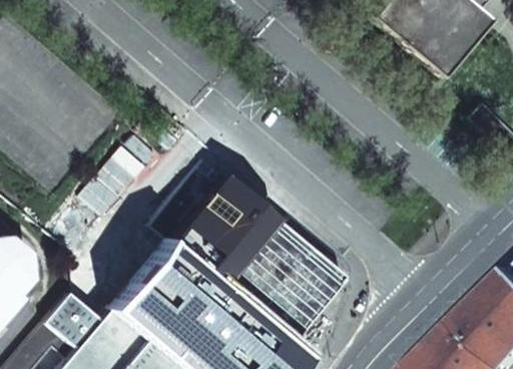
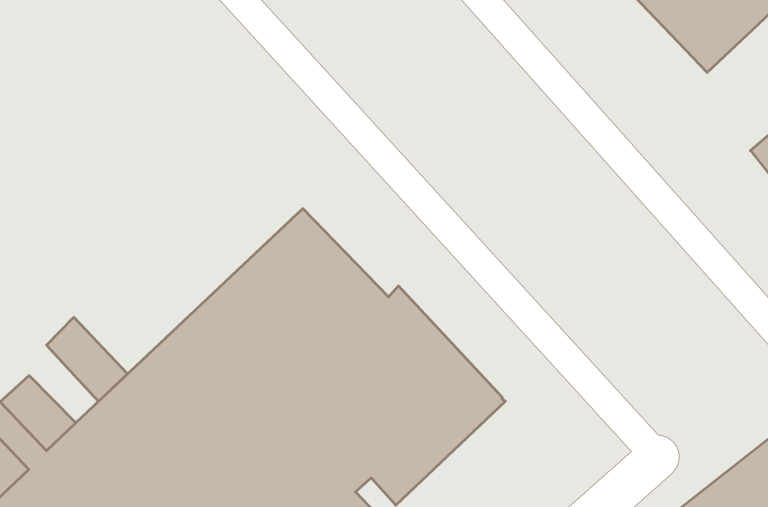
building: none -> [47,317,128,402]

